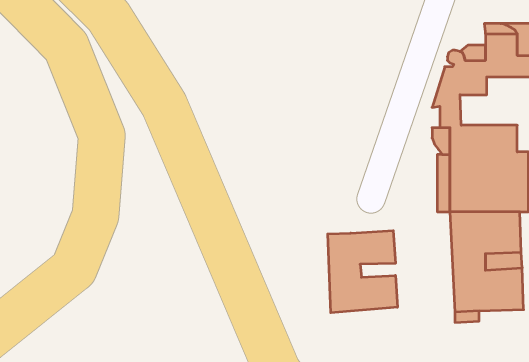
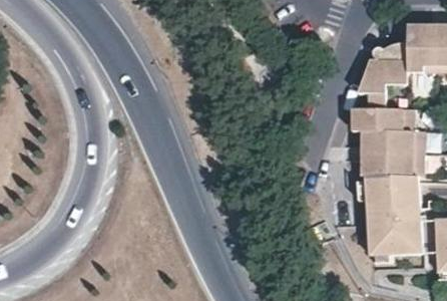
building: [328,231,397,313] -> none

